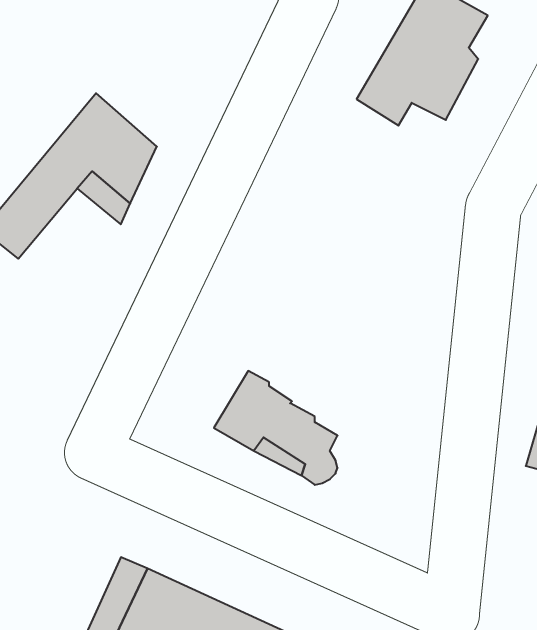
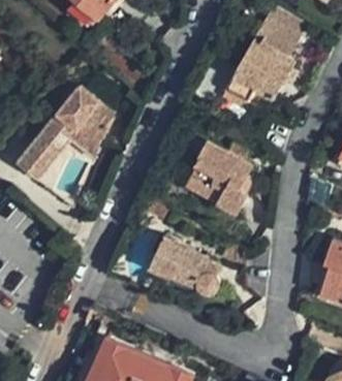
building: none -> [183,139,250,216]

